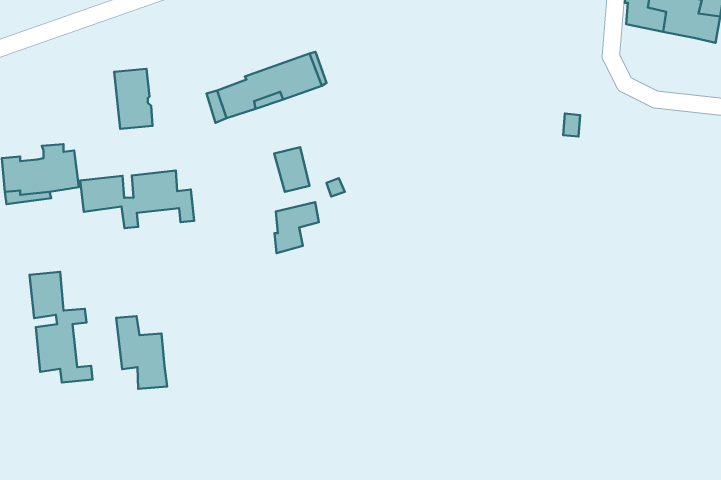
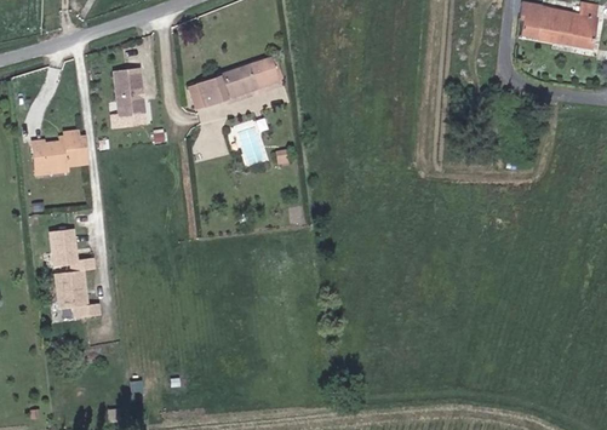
building: [80,171,194,228] -> none
building: [275,202,319,253] -> none
building: [116,316,167,389] -> none

